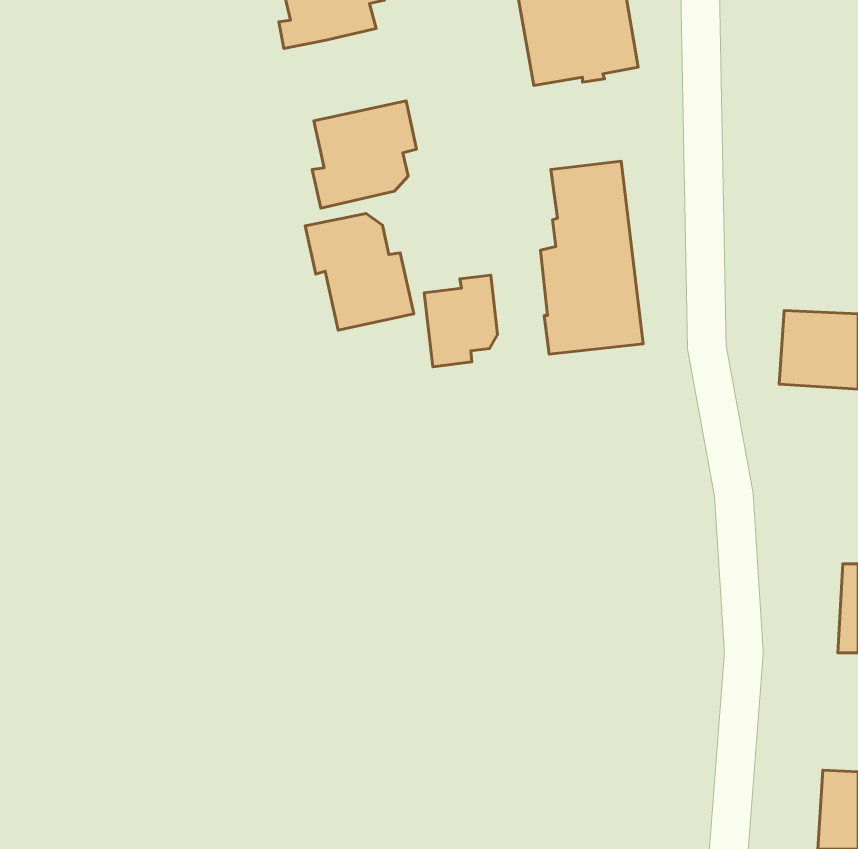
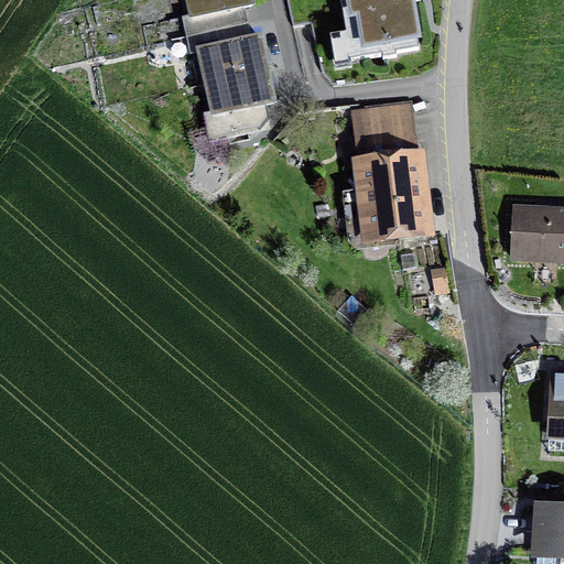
building: none -> [198,19,267,79]
building: [305,213,414,330] -> none
building: [424,275,497,367] -> none

